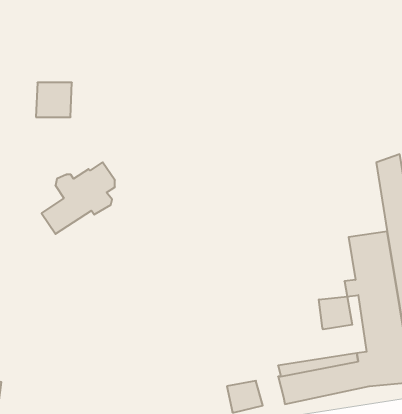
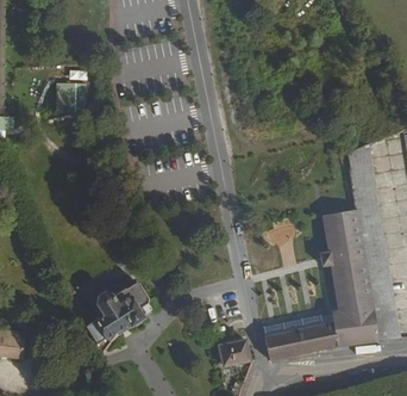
building: [42,162,115,234] -> [86,283,149,345]
building: [319,296,352,329] -> none

